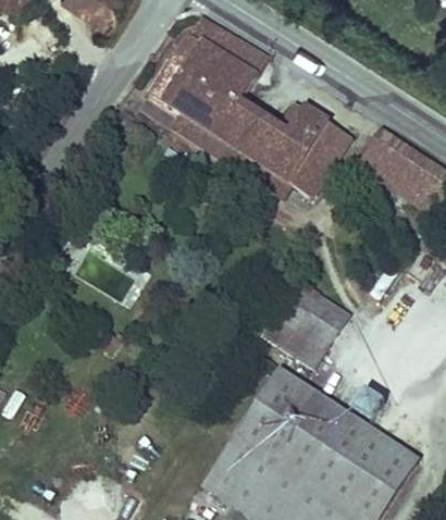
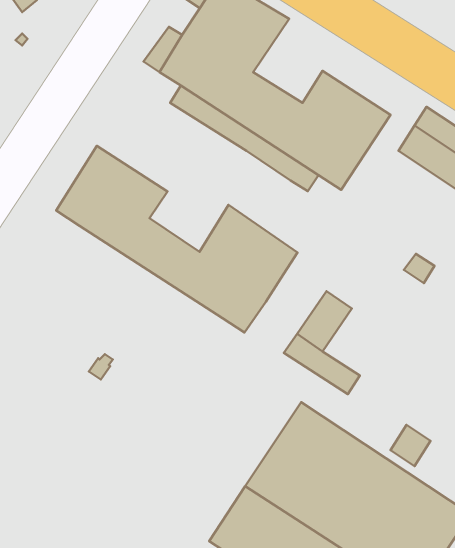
building: none -> [56,146,297,333]
building: [296,295,349,349] -> none

